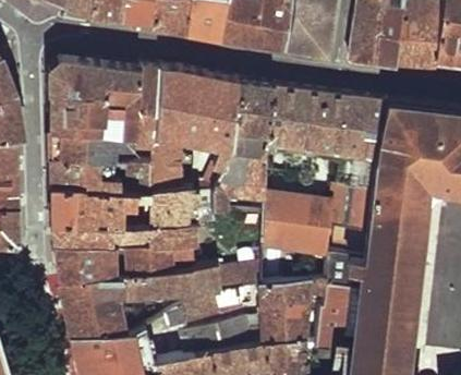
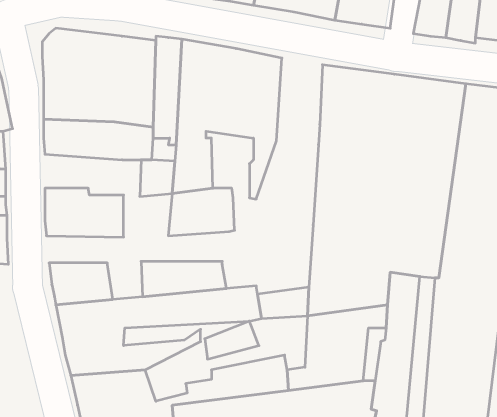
building: [216,84,274,218] -> none
building: [50,161,121,194] -> none
building: [51,223,198,250] -> none

